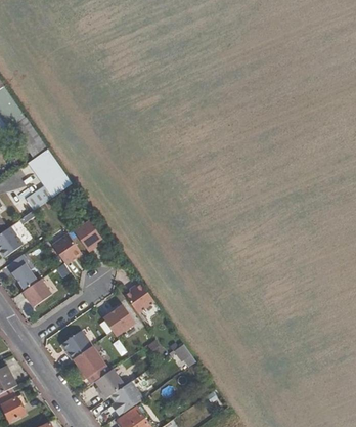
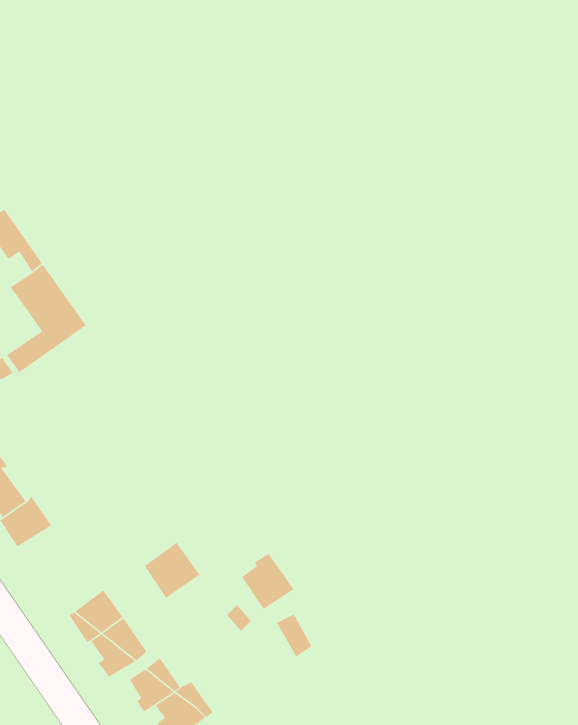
building: [74,219,102,251] -> none
building: [52,232,82,263] -> none
building: [126,282,155,313] -> [241,553,294,610]

